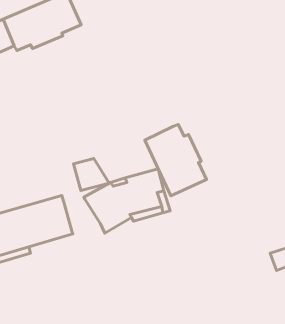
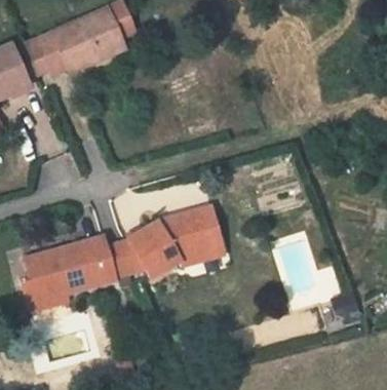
building: [145,124,206,196] -> none
building: [73,158,109,191] -> [107,239,147,275]

